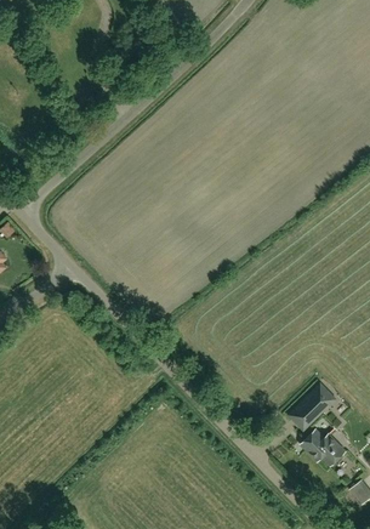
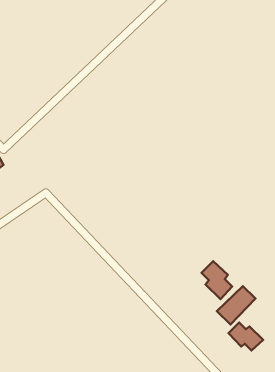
building: none -> [201,261,232,299]

